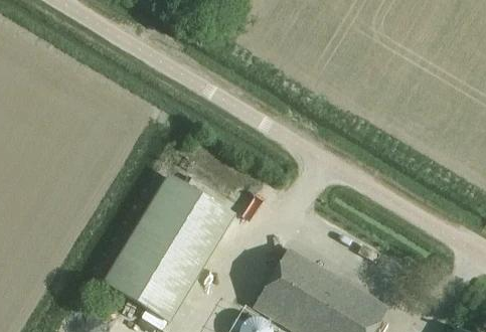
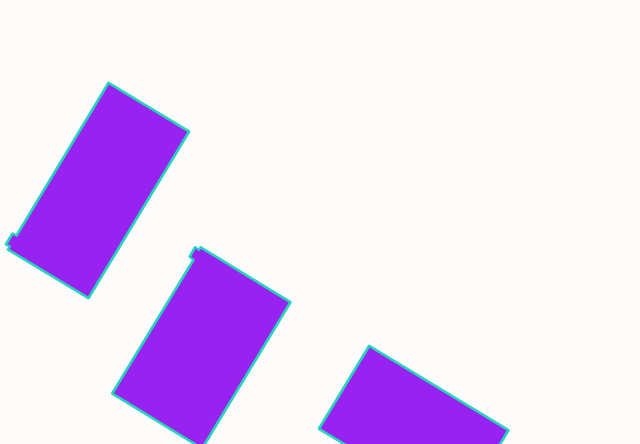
building: none -> [6,83,189,298]

